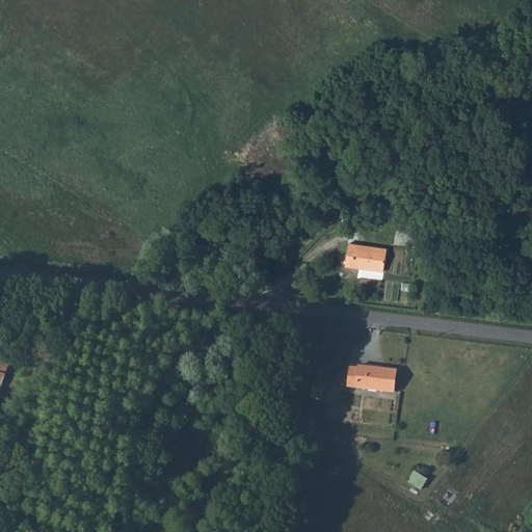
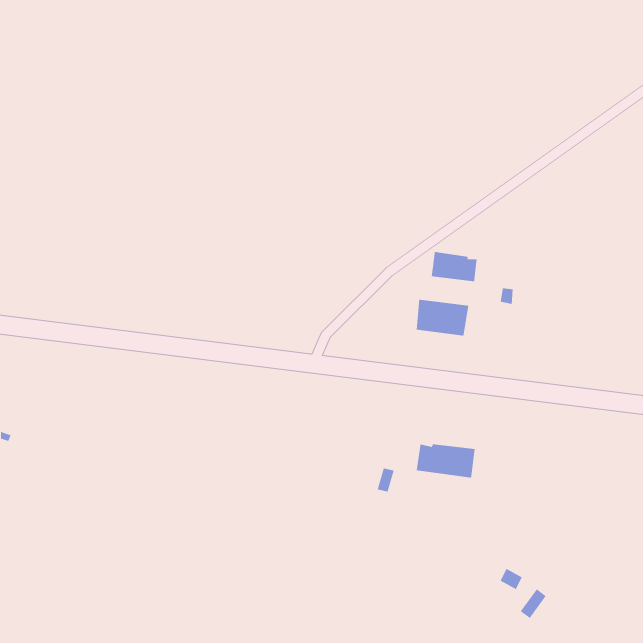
building: none -> [431,251,477,282]

